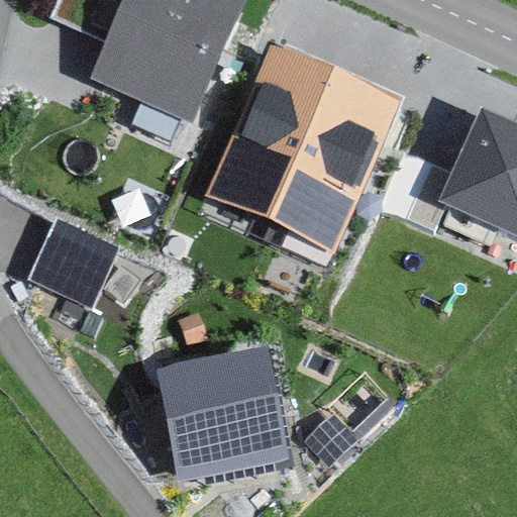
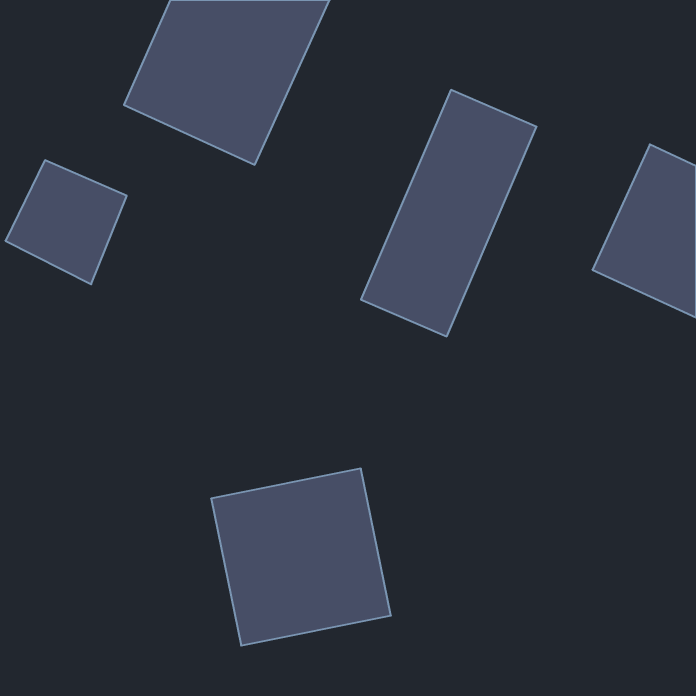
building: [206,40,334,222] -> none
building: [29,219,119,311] -> [5,160,127,284]

